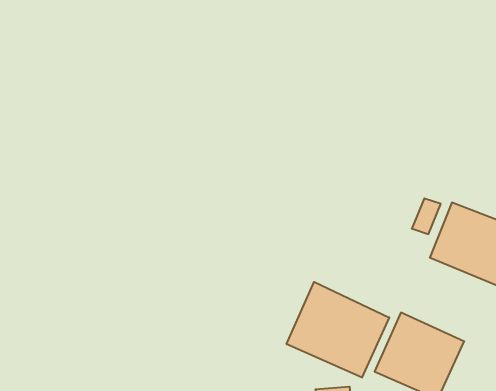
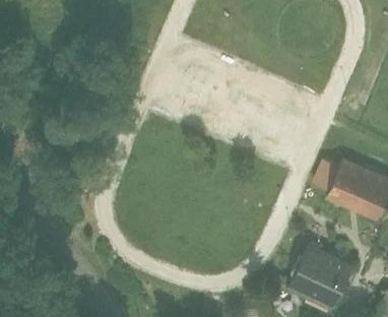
building: [287,282,389,378] -> none

